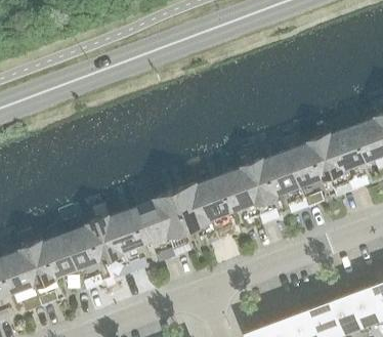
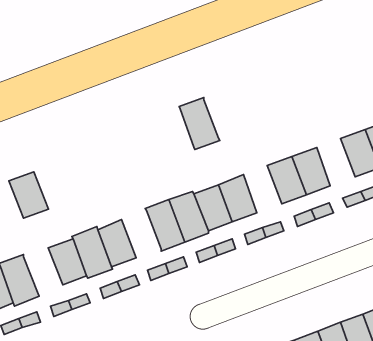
building: [307,133,344,180] -> none
building: [241,158,278,205] -> [179,98,220,149]
building: [131,201,167,244] -> none
building: [42,235,78,277] -> [9,172,48,218]

